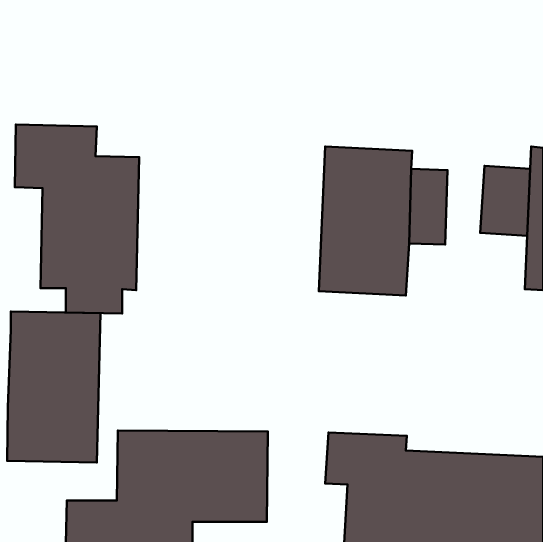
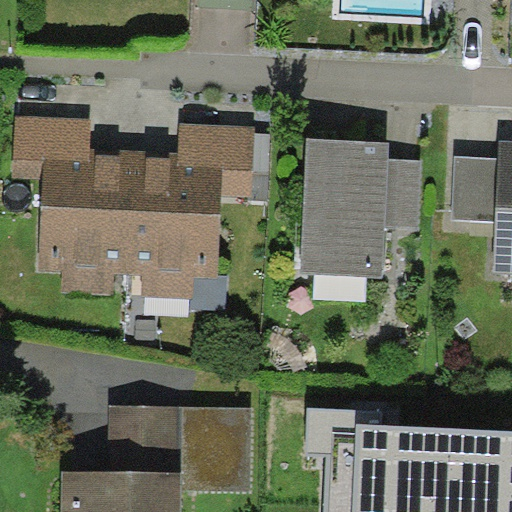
building: none -> [128,126,255,296]
building: [7,311,101,463] -> none

